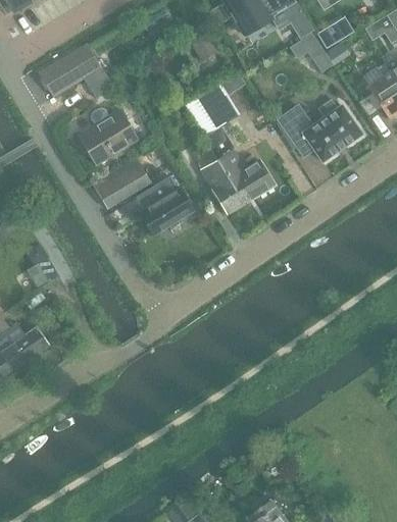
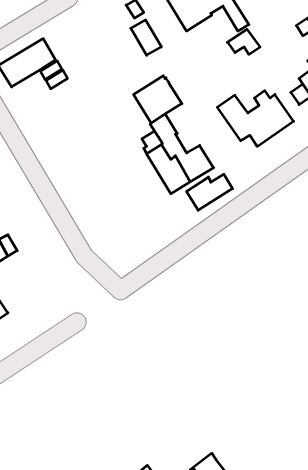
building: [317,17,352,48] -> none
building: [77,106,138,164] -> none
building: [91,154,158,208] -> none
building: [136,175,189,234] -> none
building: none -> [187,174,233,210]

